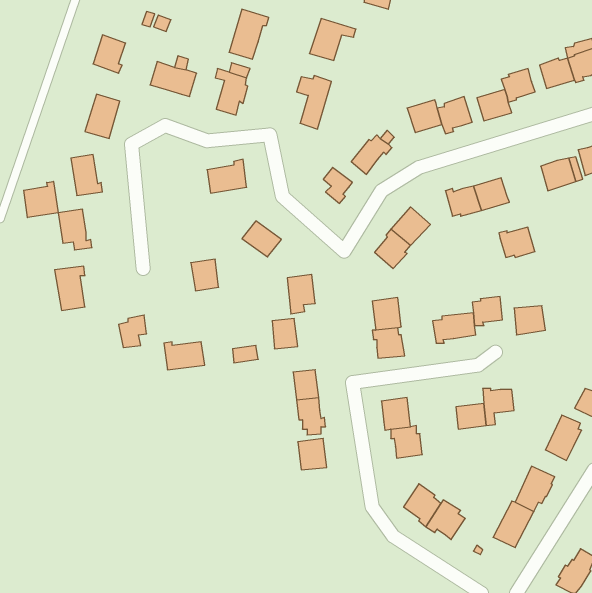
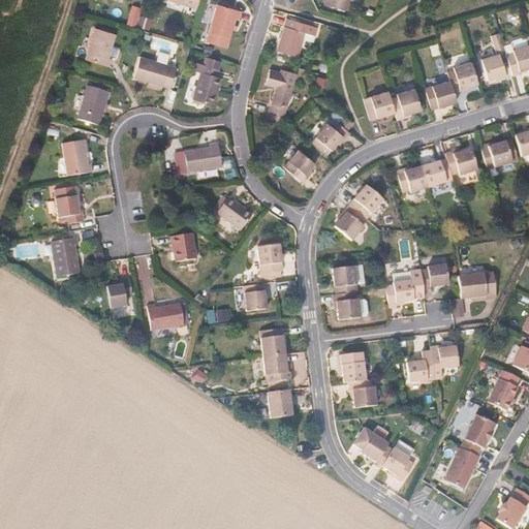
building: [24,181,58,218] -> none
building: [499,227,535,257] -> [446,148,478,175]

